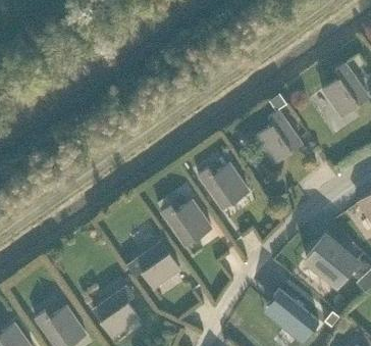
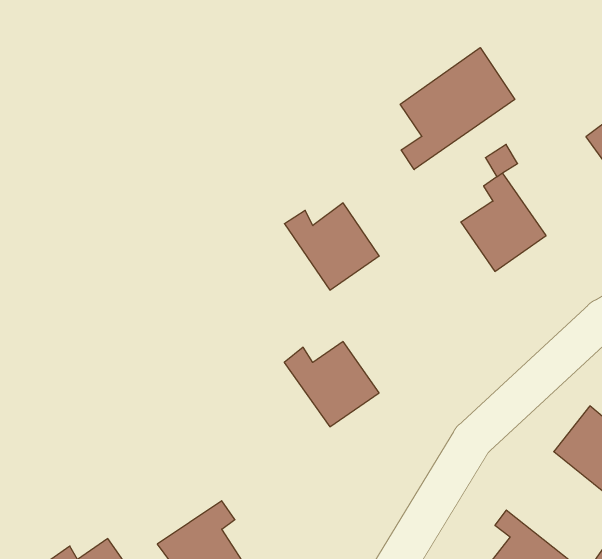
building: none -> [400,48,515,170]
building: [198,162,249,209] -> [284,203,379,290]
building: [127,242,180,288] -> none

